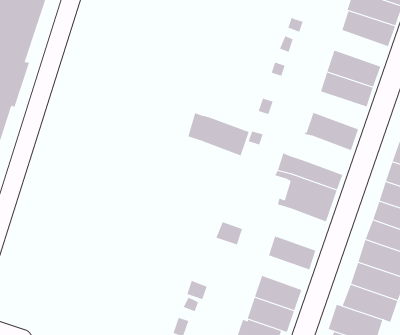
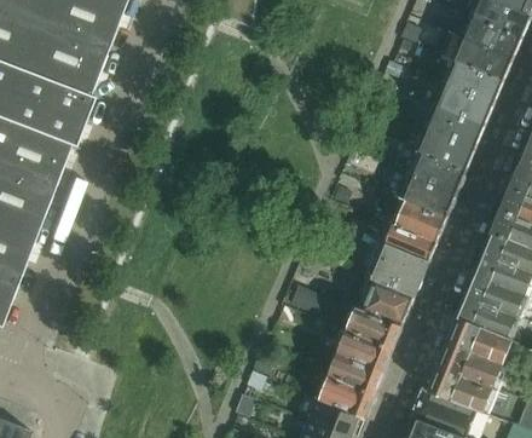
building: none -> [436,79,498,122]
building: none -> [409,146,470,191]
building: [187,112,249,156] -> [380,190,450,242]
building: none -> [360,277,417,325]
building: none -> [341,328,395,369]

